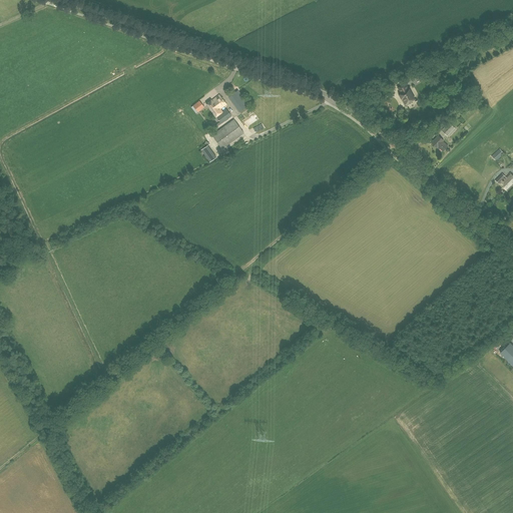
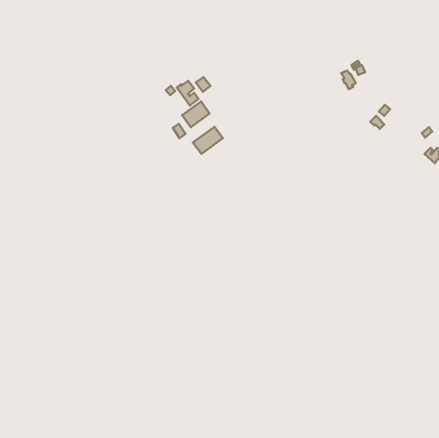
building: none -> [193,127,223,154]

